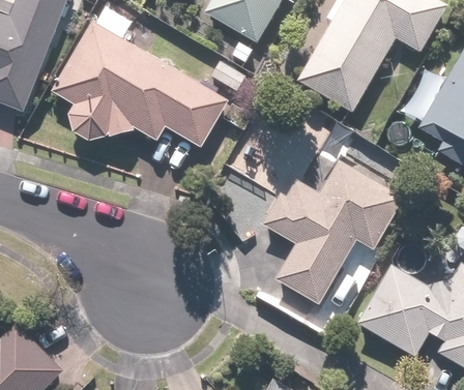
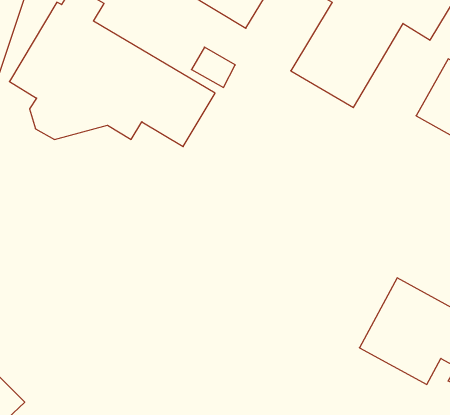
building: [260,154,409,304] -> none

